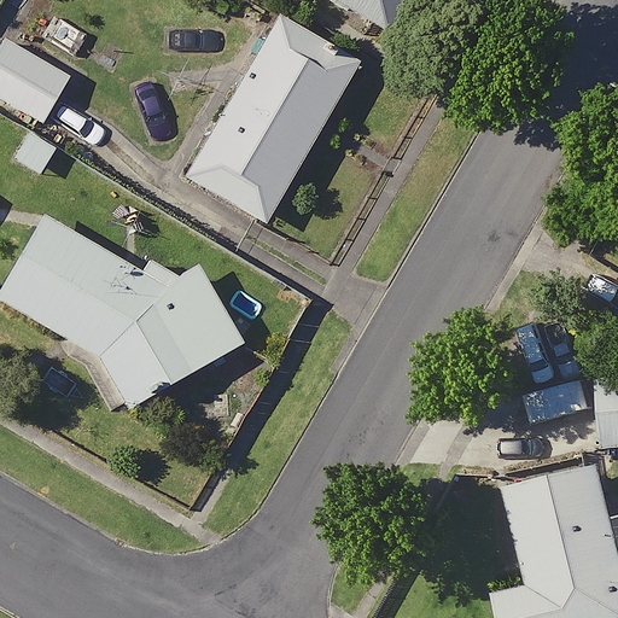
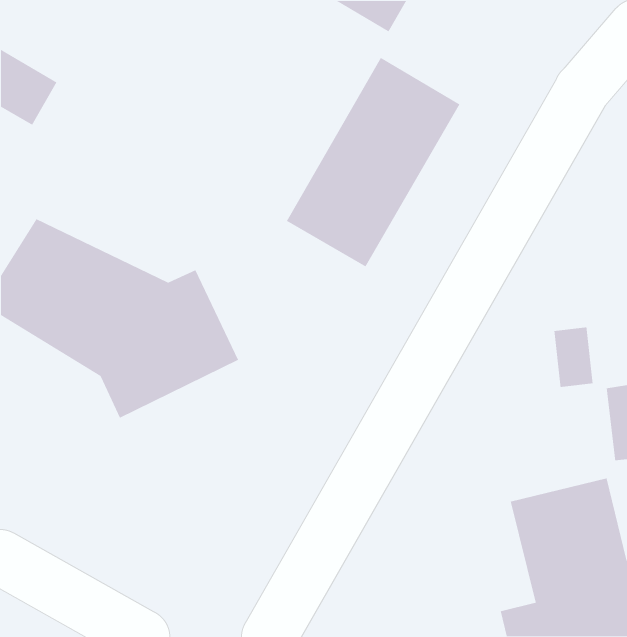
building: [186,19,355,223] -> [286,57,460,267]

